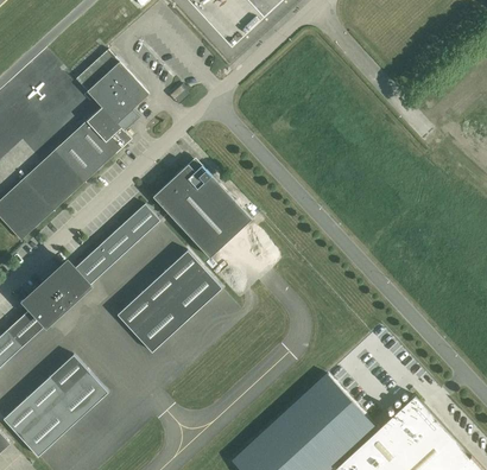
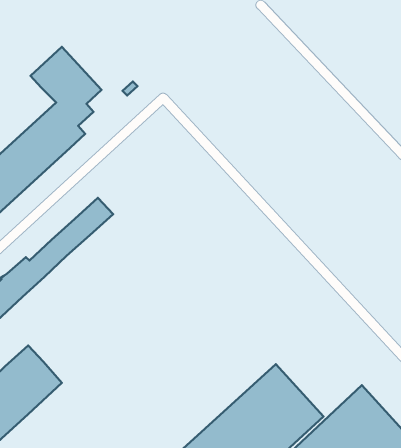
building: [152,158,251,258] -> none
building: [116,250,221,352] -> none

